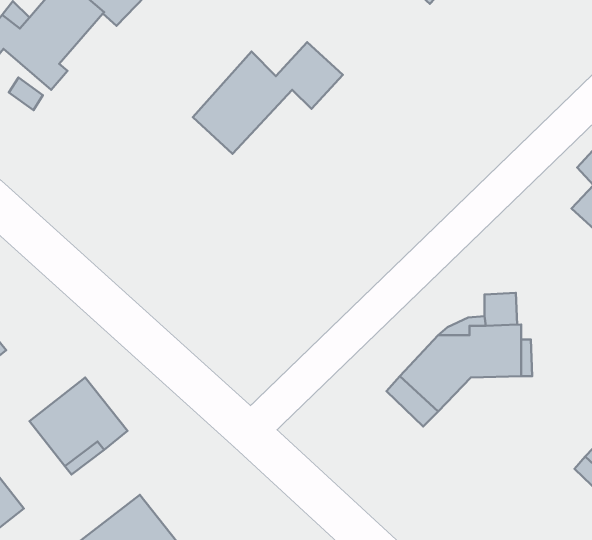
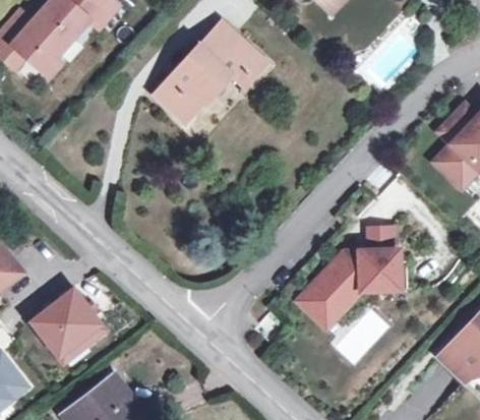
building: none -> [197,23,239,65]

